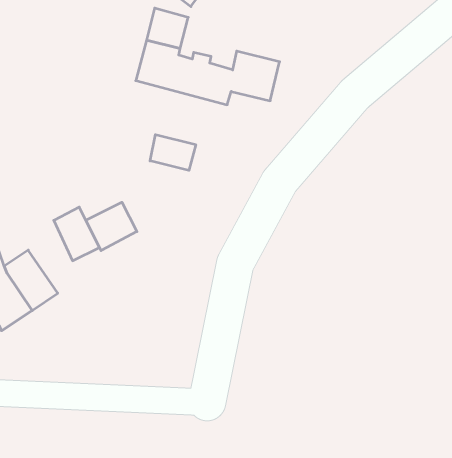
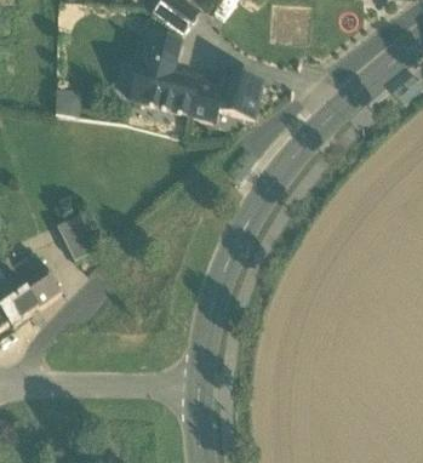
building: [150,135,196,170] -> none
building: [86,202,137,251] -> none

